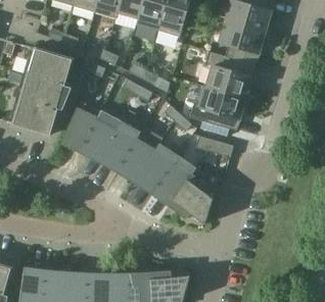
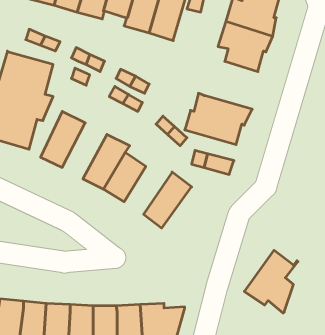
building: [204,51,254,99] -> none
building: [80,111,120,161] -> none
building: [135,143,178,193] -> none
building: [169,168,217,224] -> [244,250,298,313]

